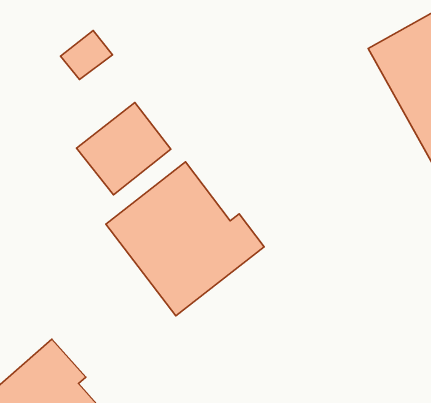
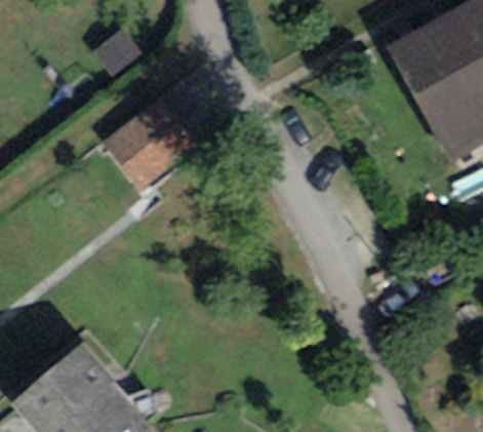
building: [106,162,264,316] -> none

